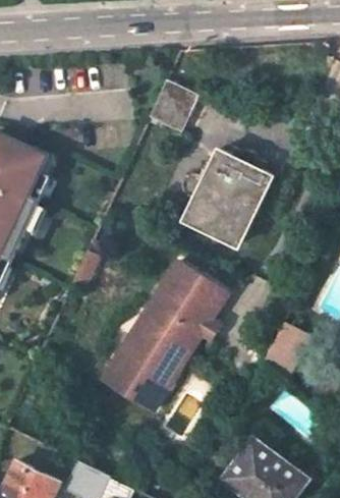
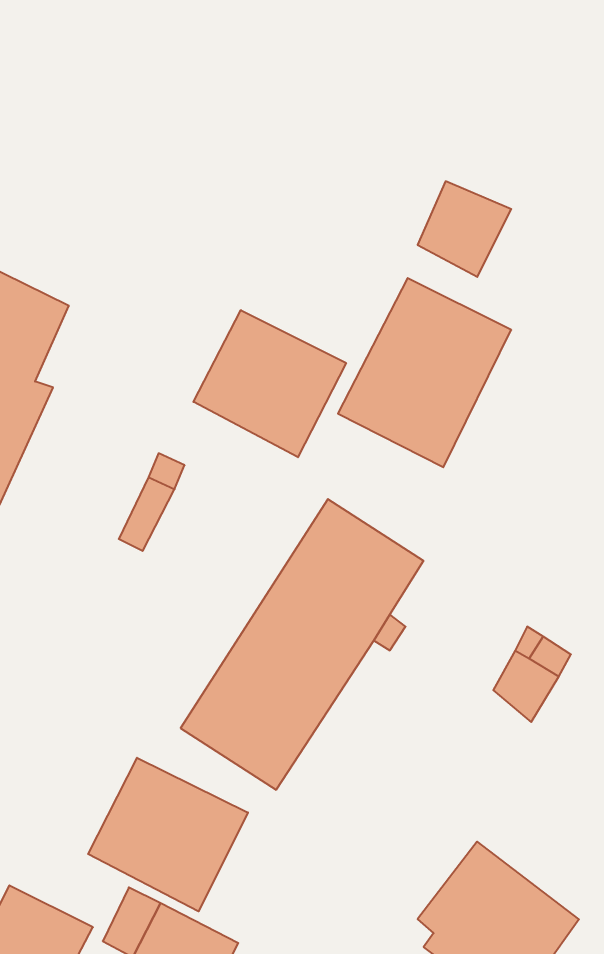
building: [149,80,196,129] -> [418,181,511,277]
building: none -> [193,310,346,457]
building: none -> [88,758,248,911]

